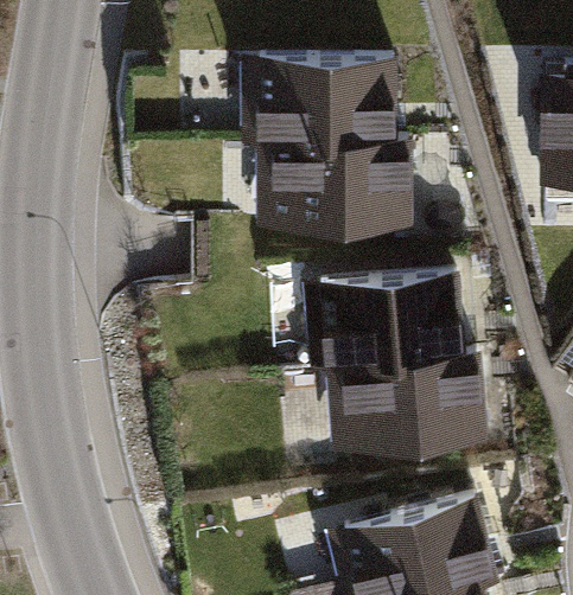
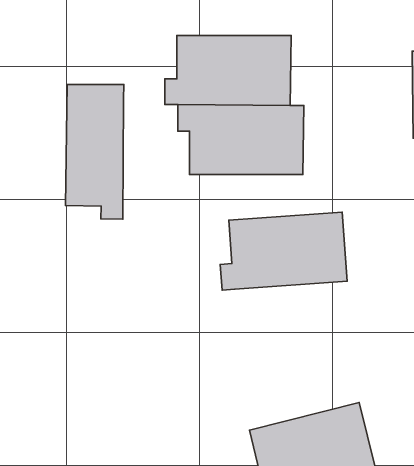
building: none -> [66,84,124,219]
building: [326,357,484,450] -> none

